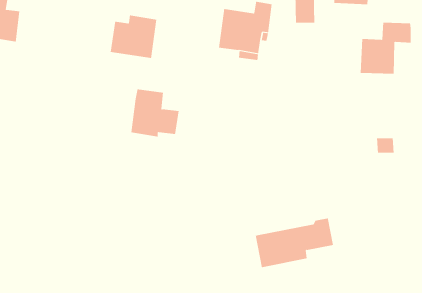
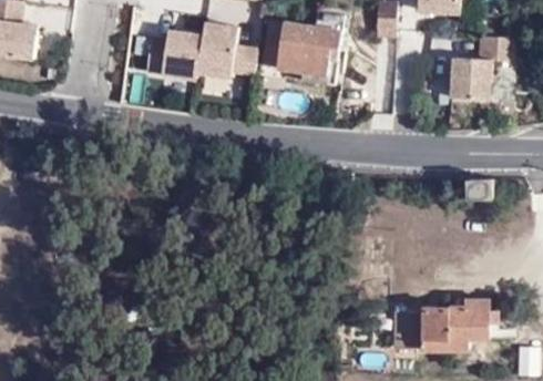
building: [130,89,179,137] -> [197,21,257,80]
building: [255,218,334,268] -> [397,299,493,360]

